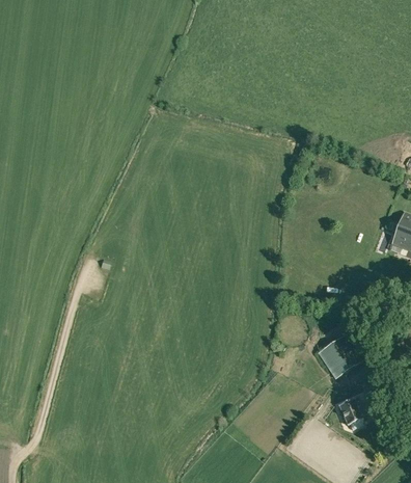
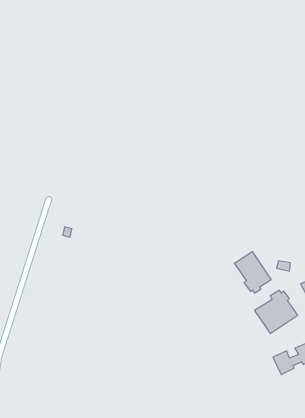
building: none -> [234,252,271,293]

